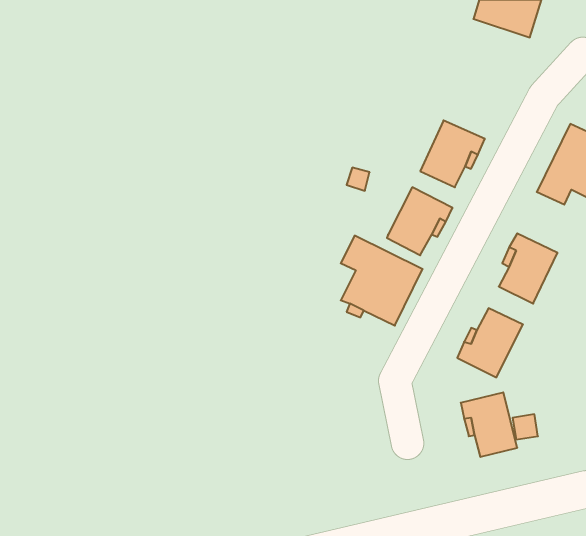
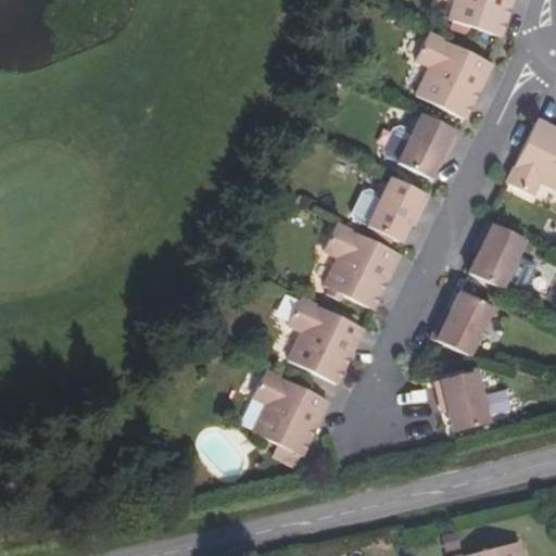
building: none -> [415,33,492,116]
building: none -> [287,298,363,382]
building: none -> [252,369,328,454]

